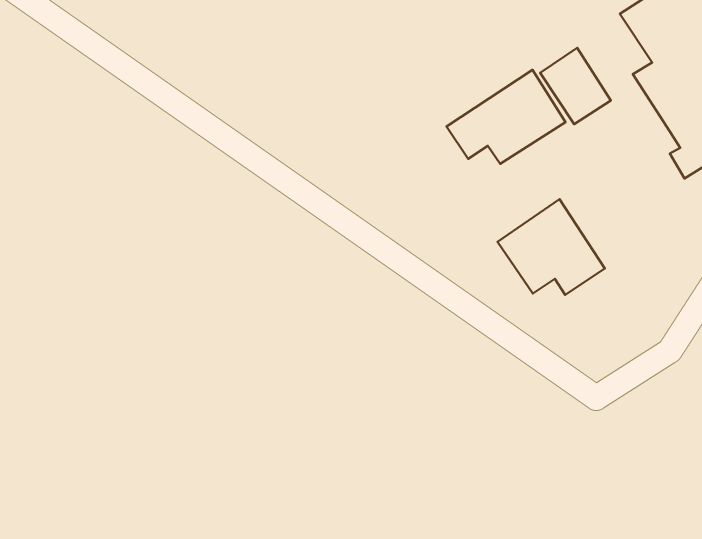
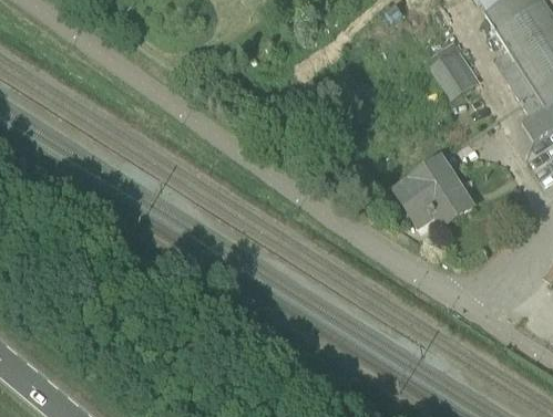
building: [446,70,565,164] -> none

